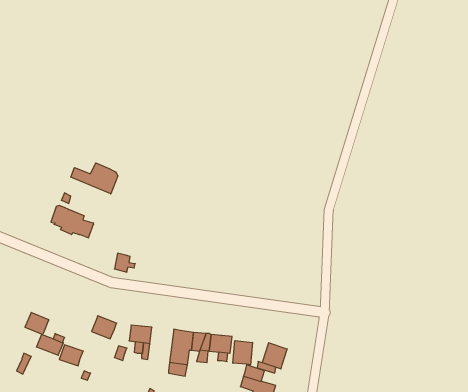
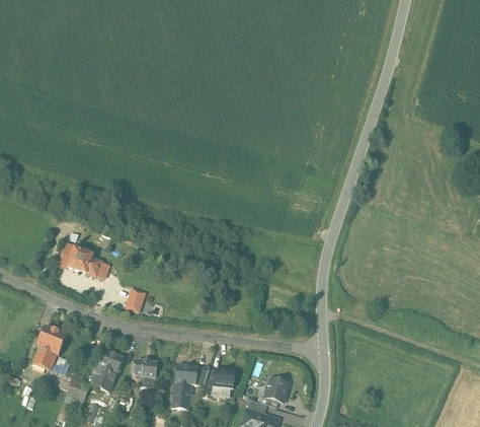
building: [71,163,118,194] -> none
building: none -> [37,326,68,355]
building: none -> [92,365,117,390]
building: [233,341,252,365] -> none

